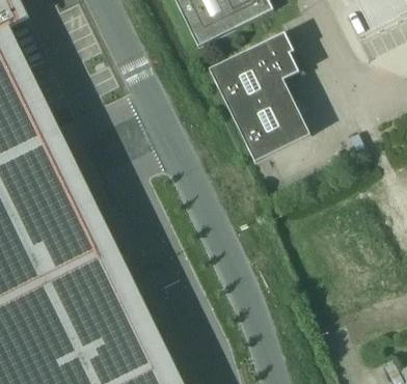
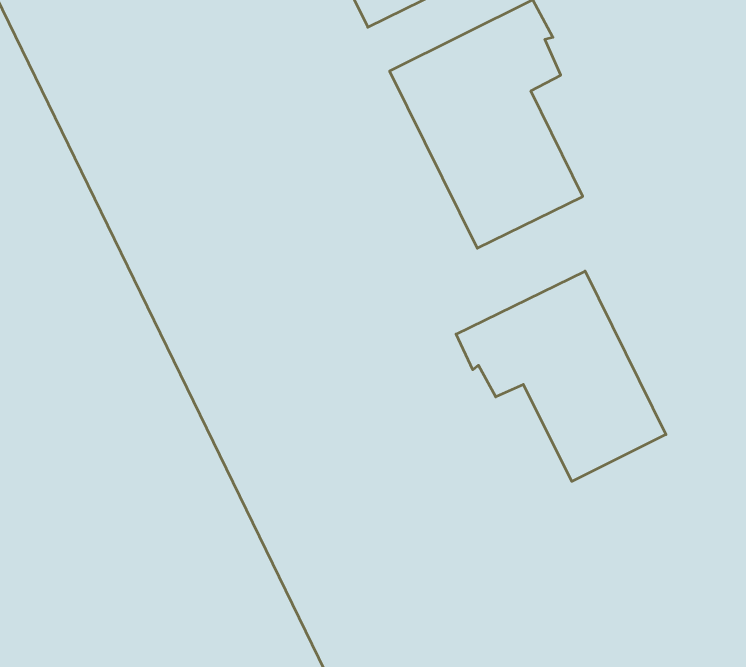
building: none -> [456,271,666,481]

